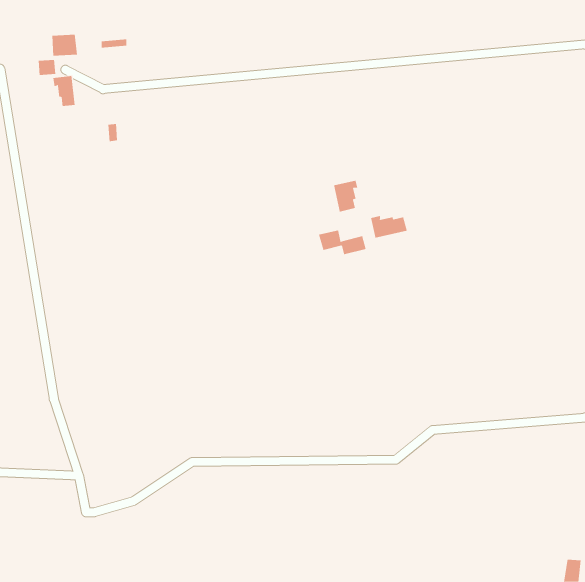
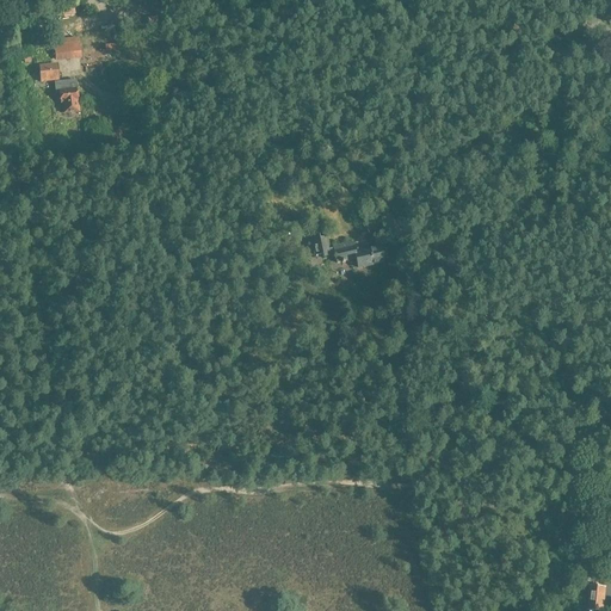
building: [333,180,358,212] -> none
building: [370,215,407,238] -> none

